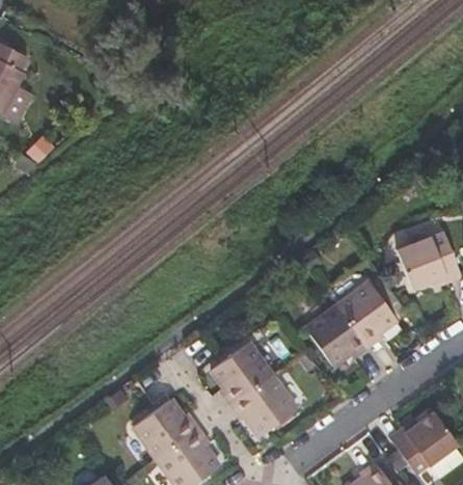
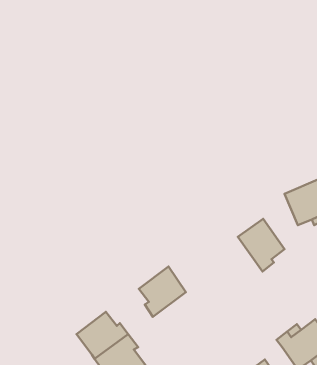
building: [305,304,367,367] -> none
building: [229,374,297,436] -> none

